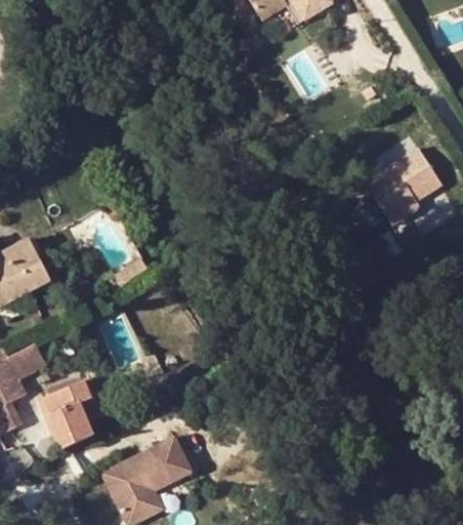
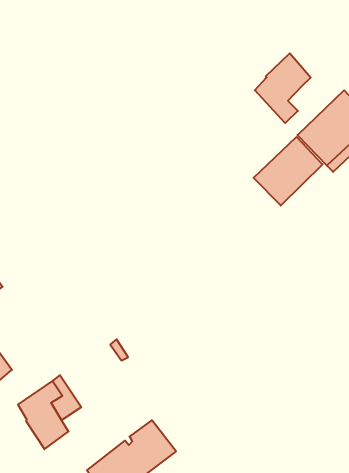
building: none -> [255,53,311,123]
building: none -> [254,137,323,206]

